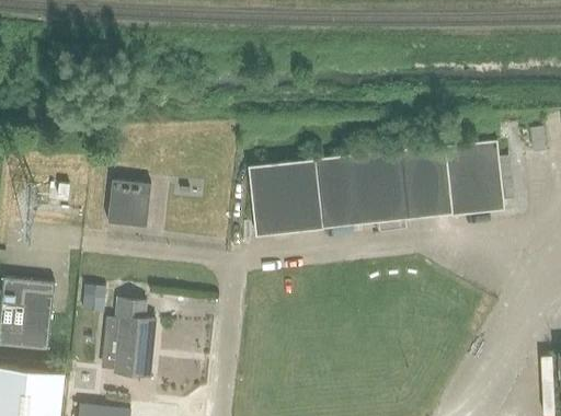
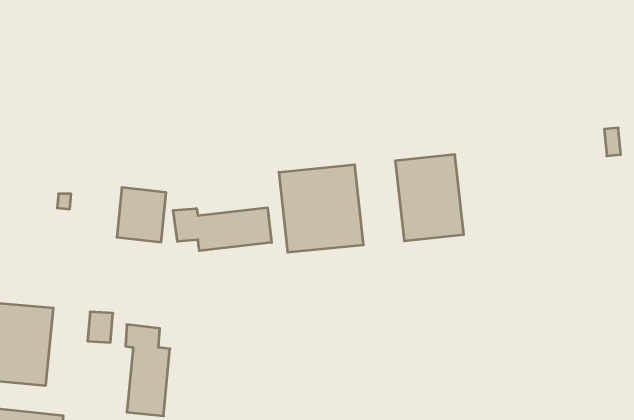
building: [400,139,504,219] -> none
building: [313,155,356,228] -> none
building: none -> [173,208,272,251]

